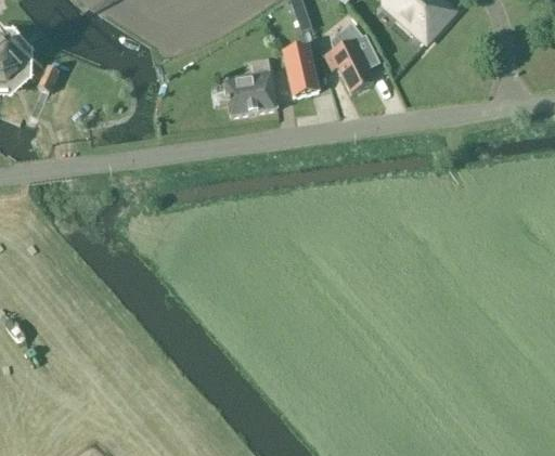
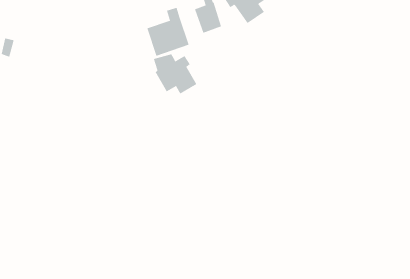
building: none -> [153,53,197,94]

